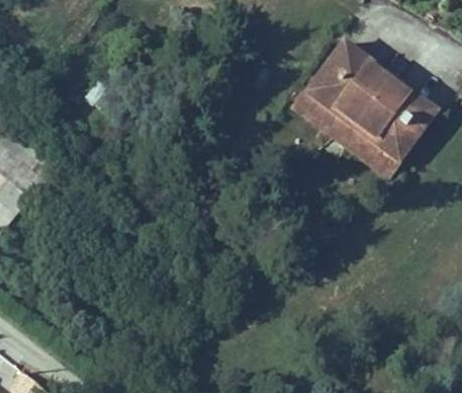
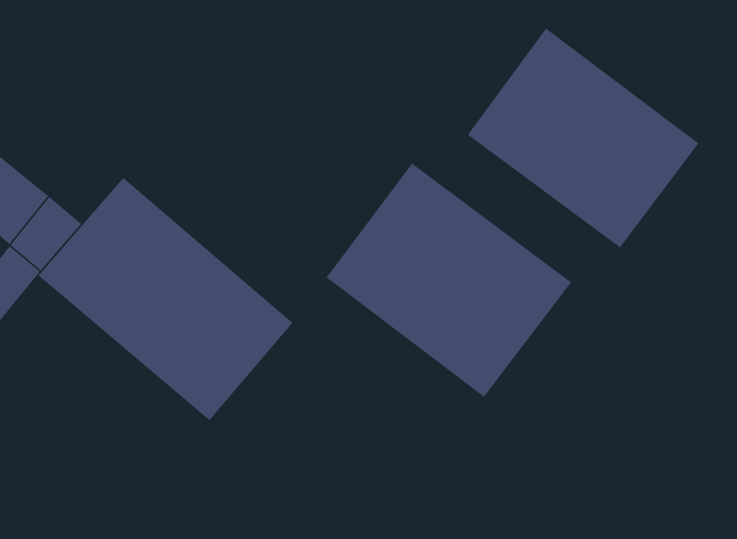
building: none -> [326,163,572,398]
building: none -> [37,177,293,421]

